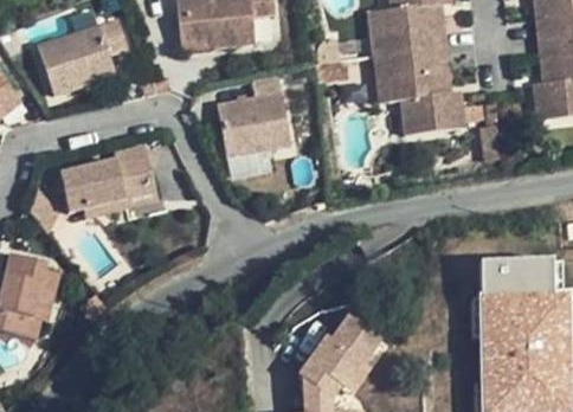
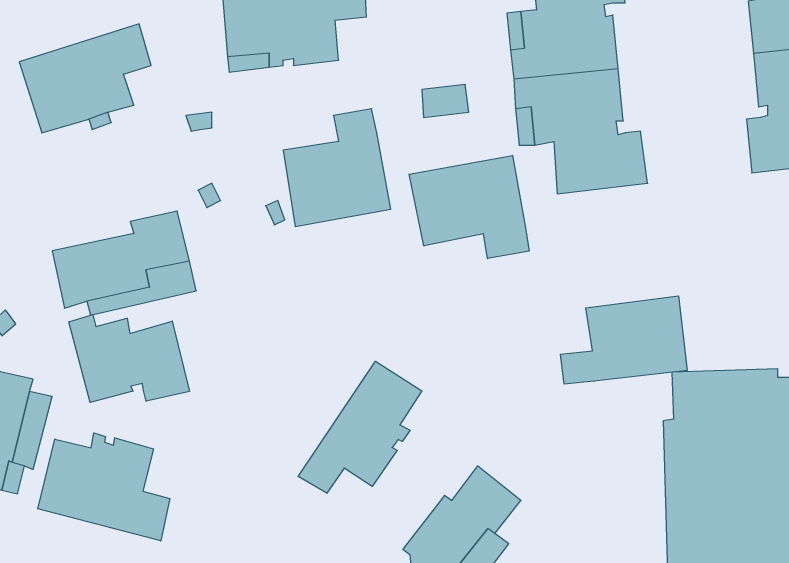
building: none -> [409,155,529,259]
building: none -> [561,296,687,384]
building: none -> [69,315,189,402]
building: none -> [298,361,422,493]
building: none -> [38,433,170,541]

